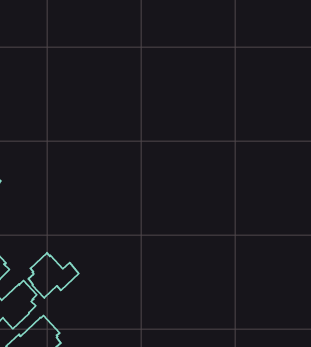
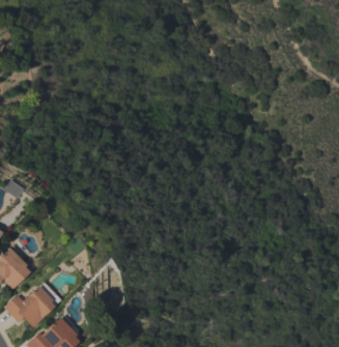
building: [28,253,79,298] -> none

